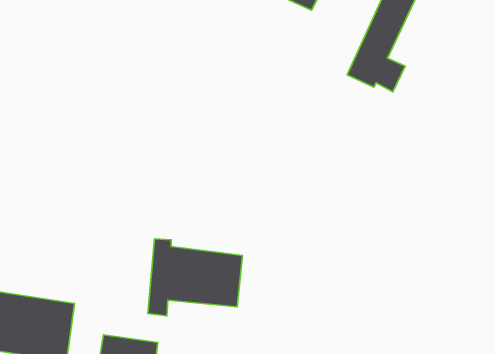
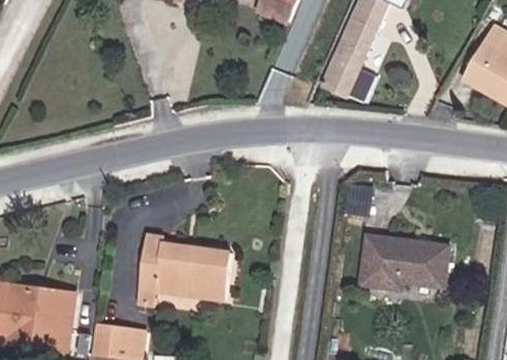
building: none -> [360,235,446,290]

